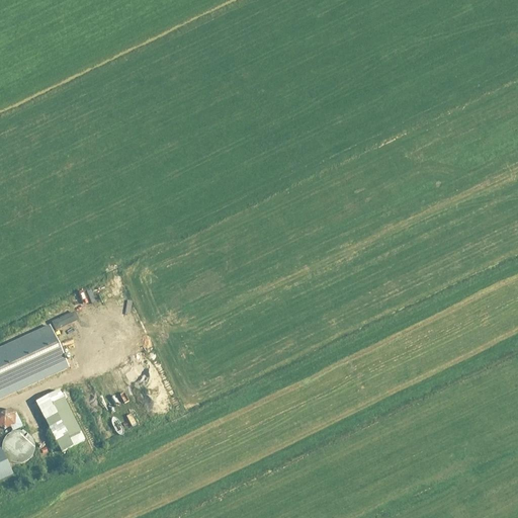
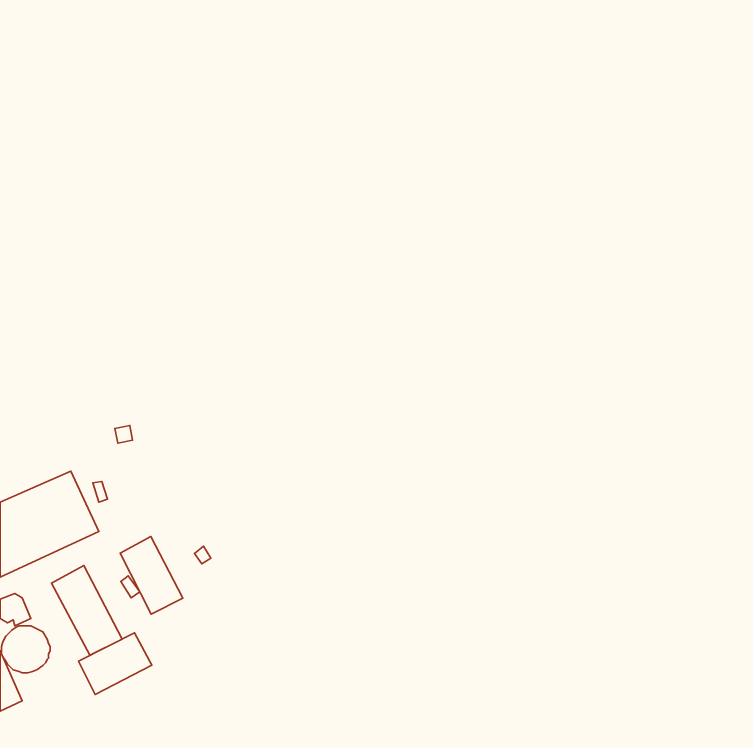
building: none -> [120,537,183,614]
building: none -> [78,633,152,695]

